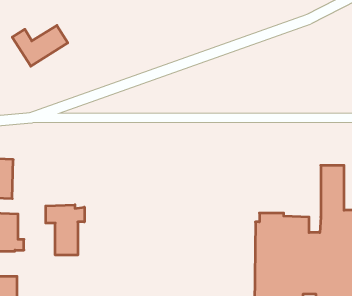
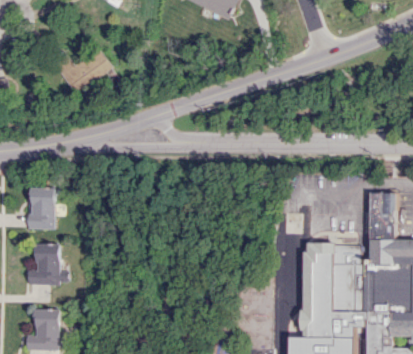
building: [46,205,84,255] -> none

